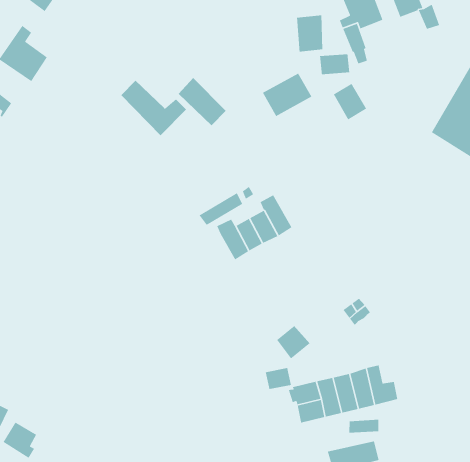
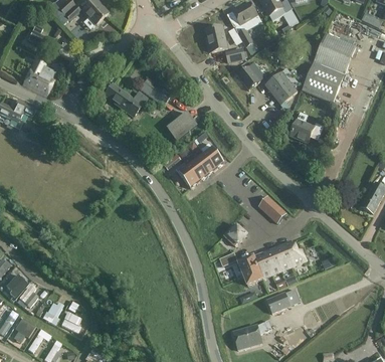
building: [262,72,312,117] -> [164,111,196,141]
building: none -> [263,67,299,105]
building: none -> [290,119,323,143]

